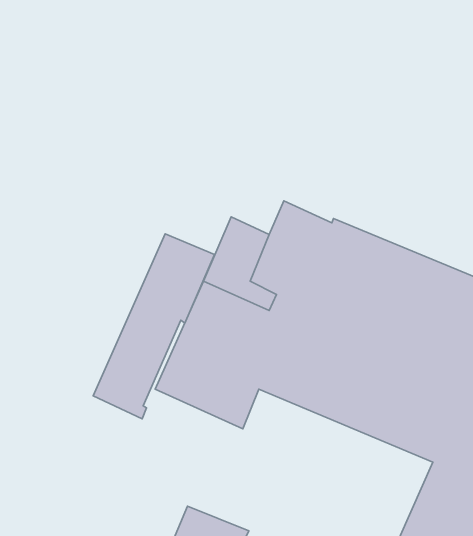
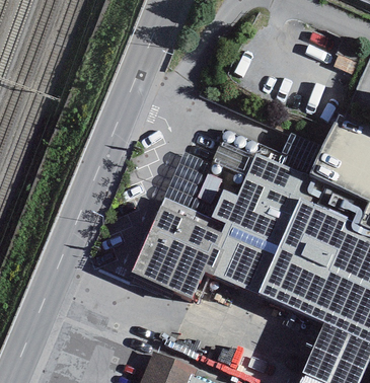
building: [93,234,215,419] -> none

